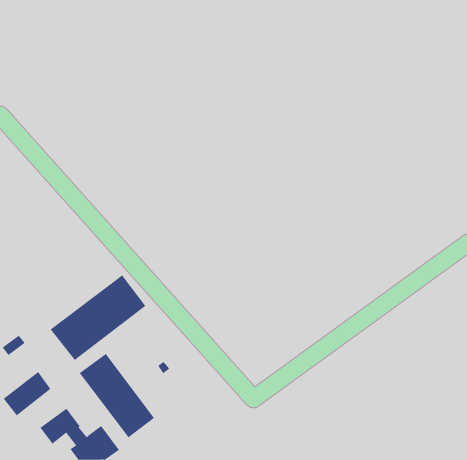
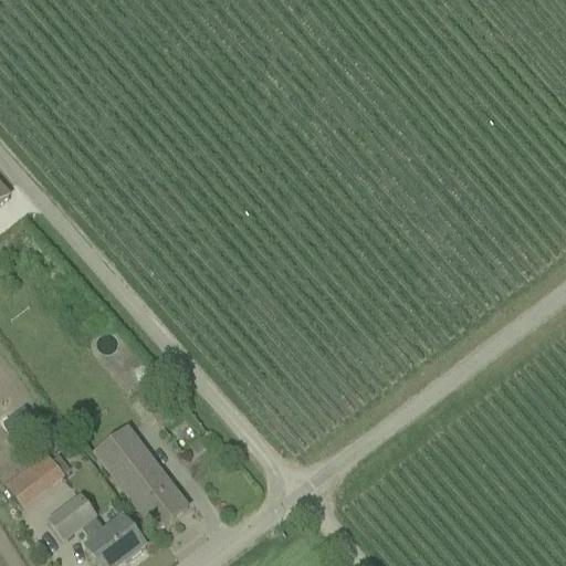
building: [50,275,146,361] -> none

